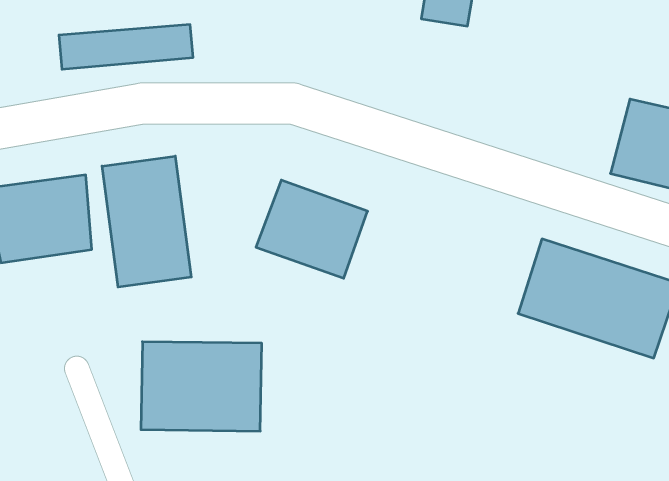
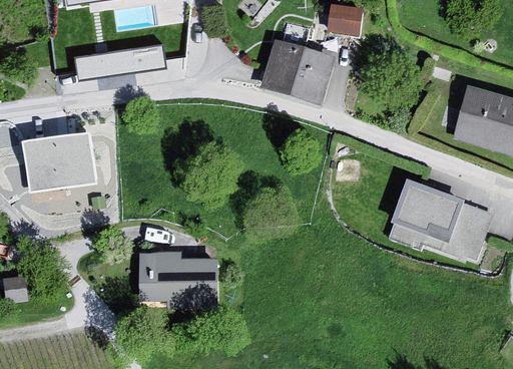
building: [102,156,191,287] -> none
building: [256,180,368,278] -> [259,41,334,107]

